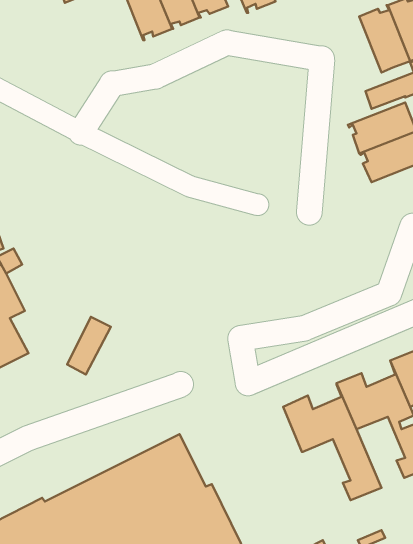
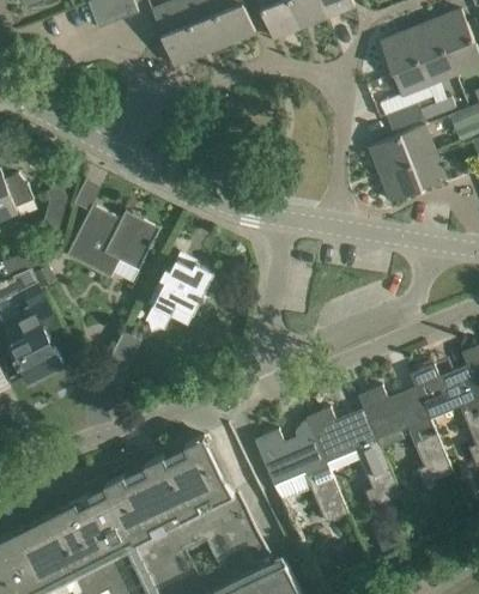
building: none -> [41,184,67,231]
building: none -> [66,204,159,277]
building: none -> [145,259,218,331]
building: none -> [254,417,347,522]

